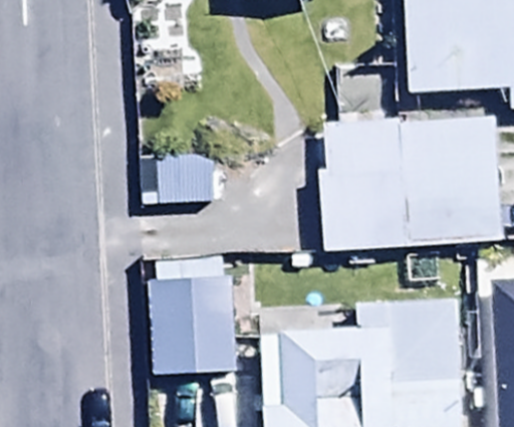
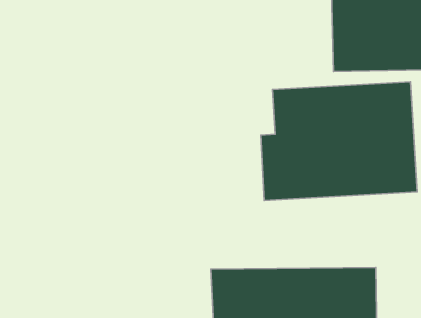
building: [147,276,240,377] -> none

